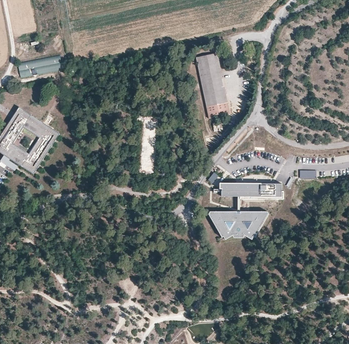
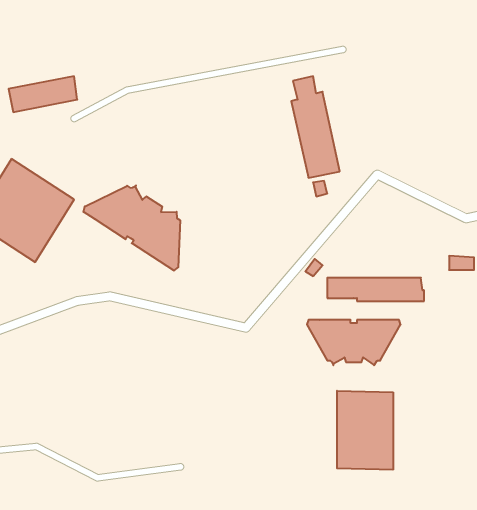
building: none -> [83,185,180,271]
building: none -> [337,391,393,470]

